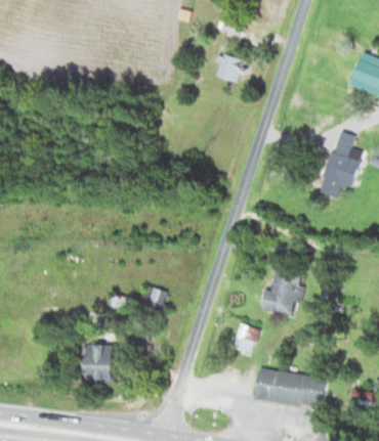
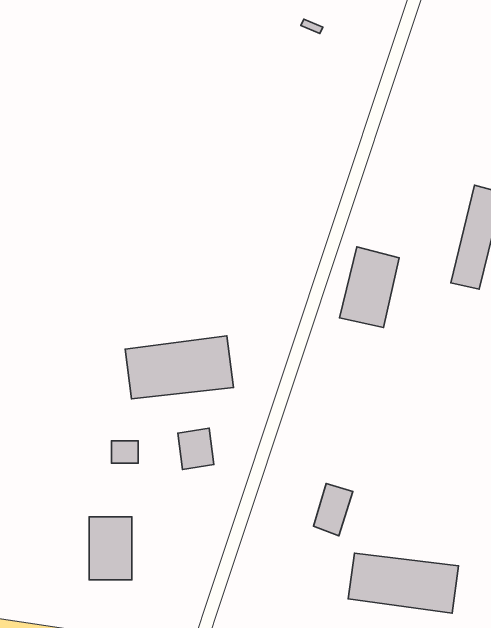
building: [217,56,243,79] -> none
building: none -> [125,336,233,399]
building: [264,263,303,315] -> [339,247,399,327]

